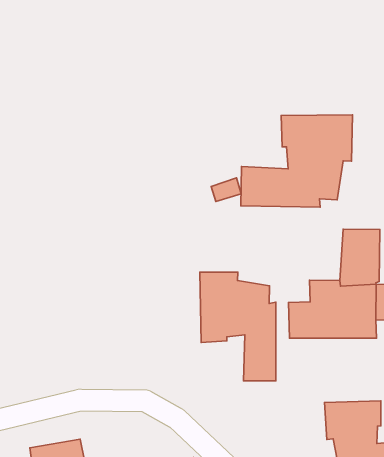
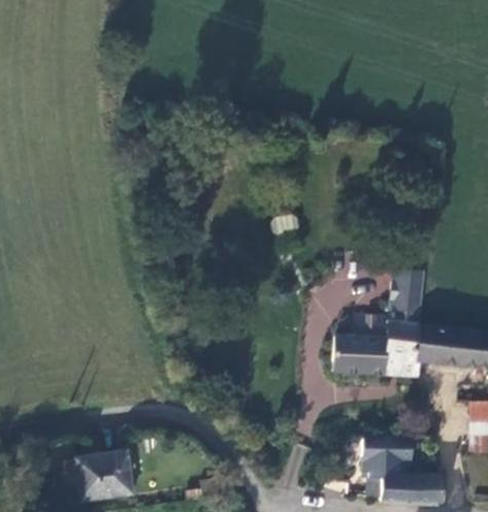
building: [241,115,352,207] -> none
building: [200,272,276,381] -> none

